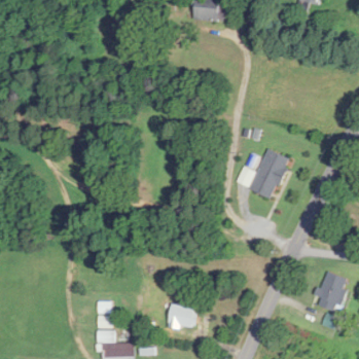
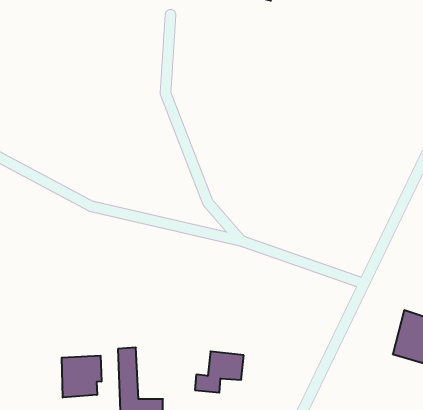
building: [249,147,291,199] -> none
building: none -> [62,356,101,398]

